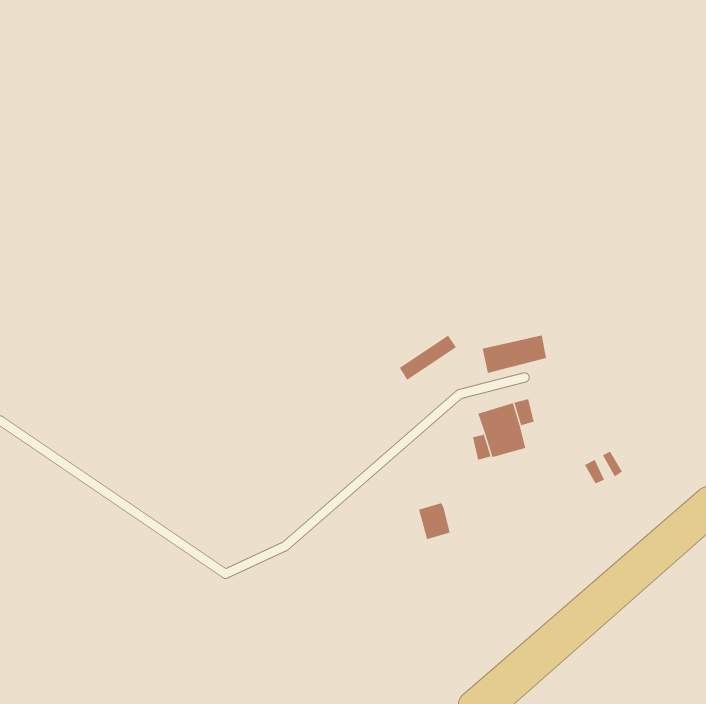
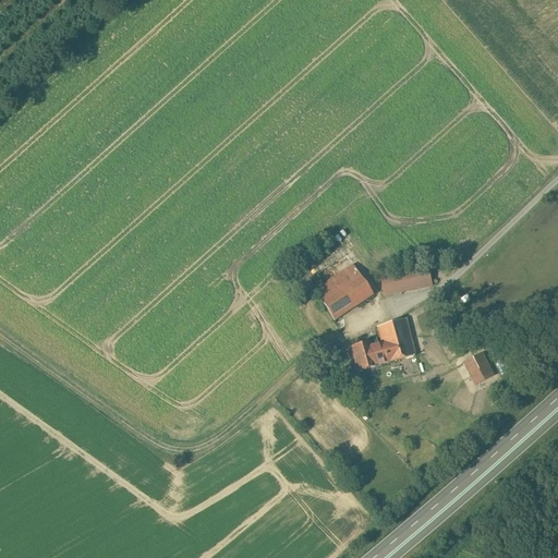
building: none -> [322,274,374,318]
building: [418,503,450,540] -> [352,340,377,369]

